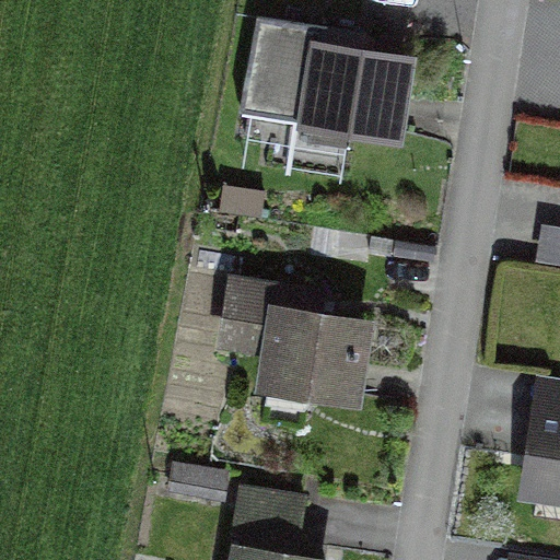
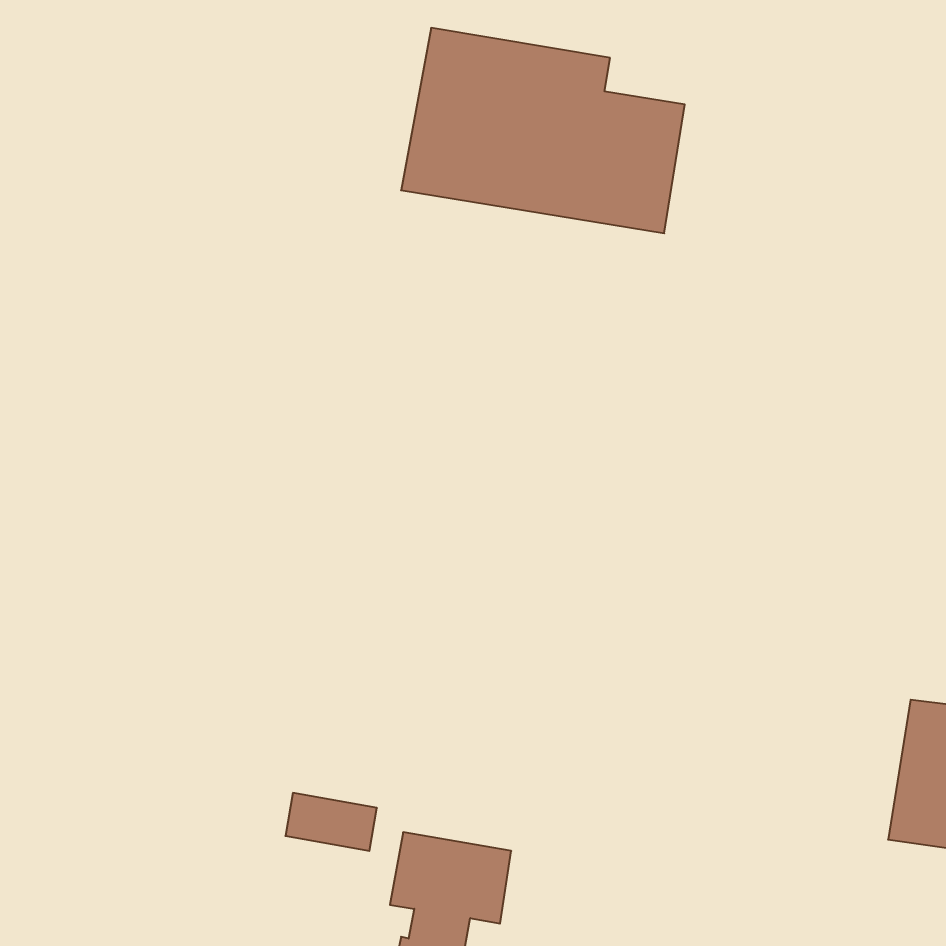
building: [225,287,364,404] -> none

